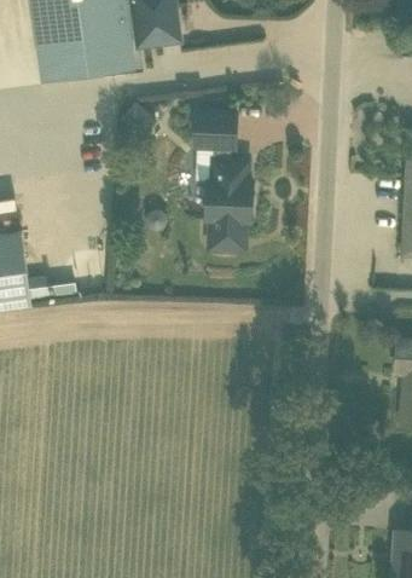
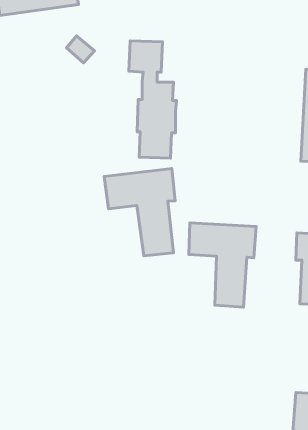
building: none -> [104,168,175,256]
building: none -> [189,223,256,307]

